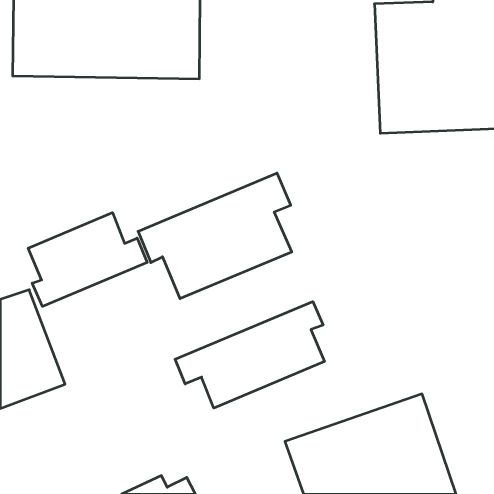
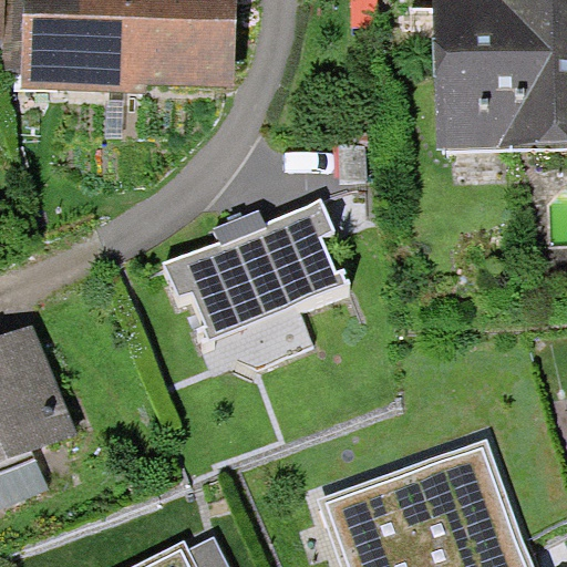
building: [28,213,147,306] -> none
building: [175,302,324,408] -> none

